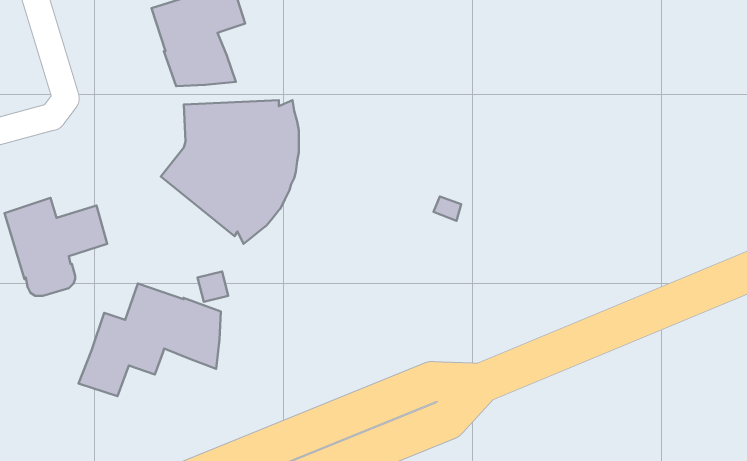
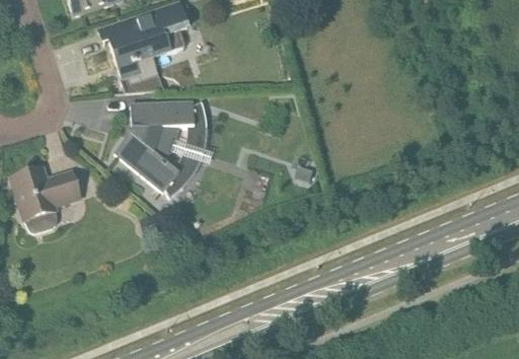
building: [79,284,221,396] -> none

